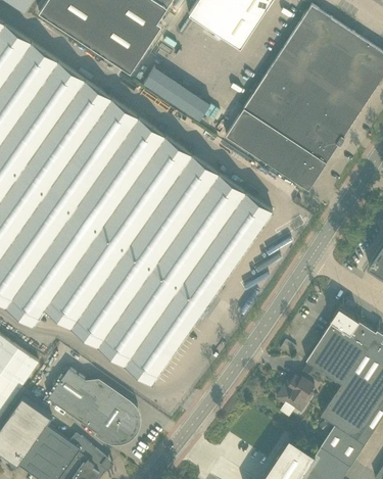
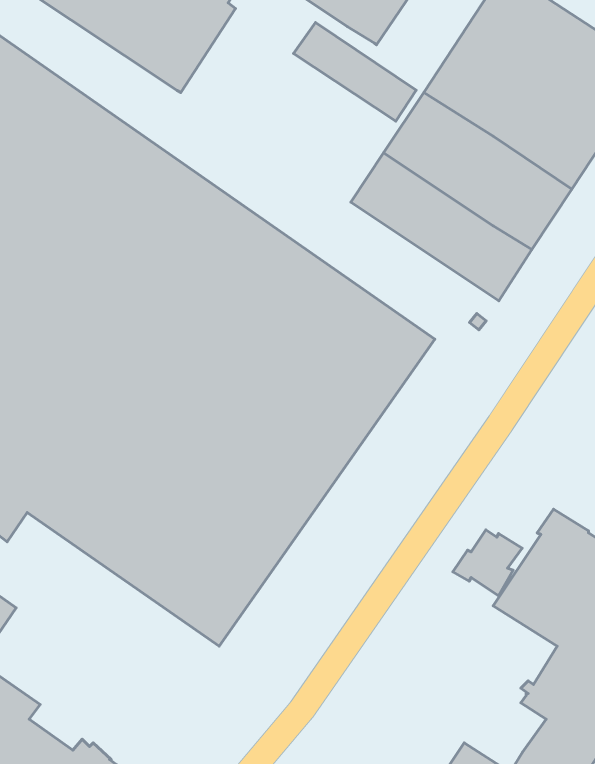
building: [145,66,213,122] -> [294,23,416,121]
building: [47,370,137,443] -> none
building: [275,377,314,414] -> [453,530,522,596]

